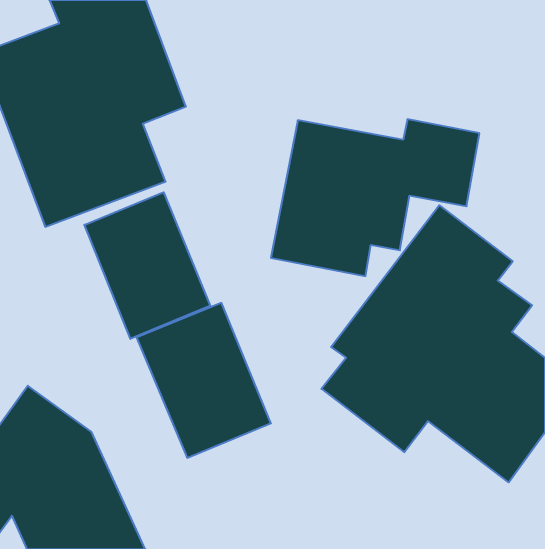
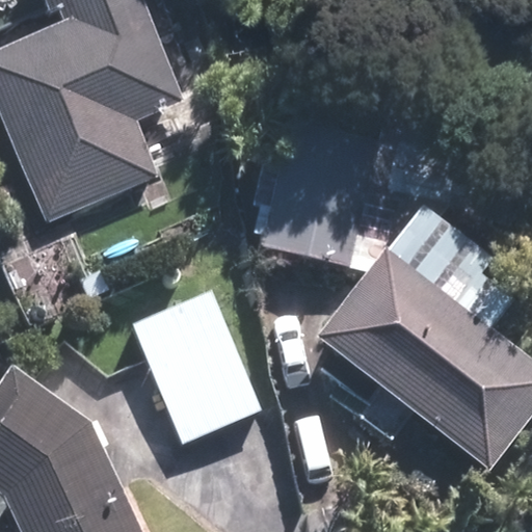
building: [84,192,210,339] -> none

